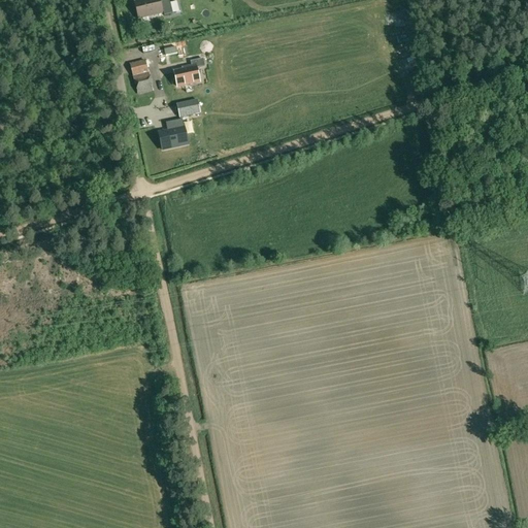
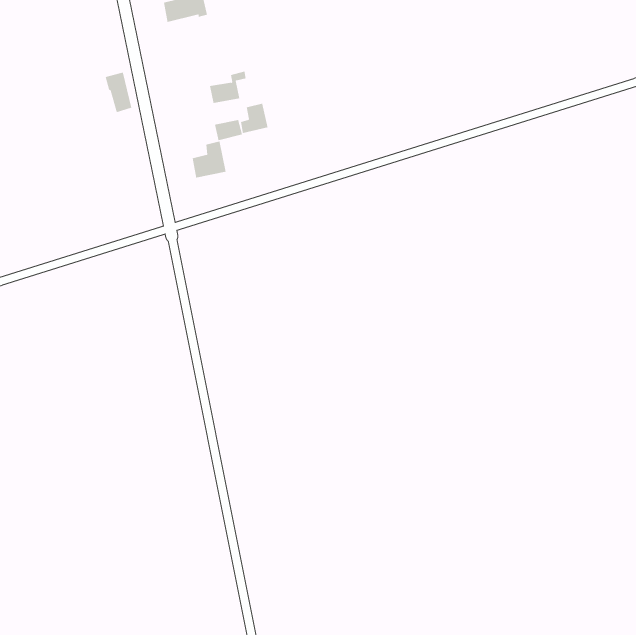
building: [130,60,153,94] -> [105,72,132,113]
building: none -> [240,103,268,134]

